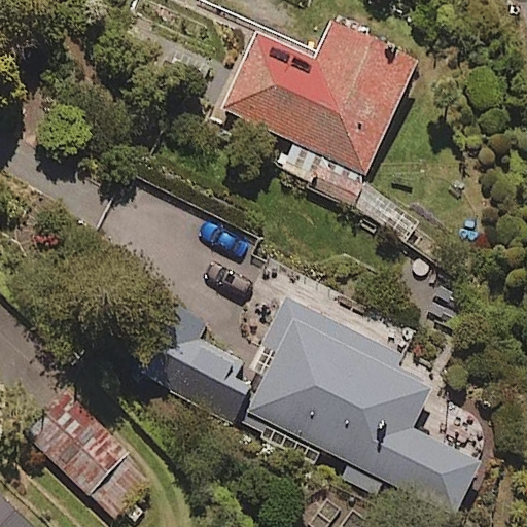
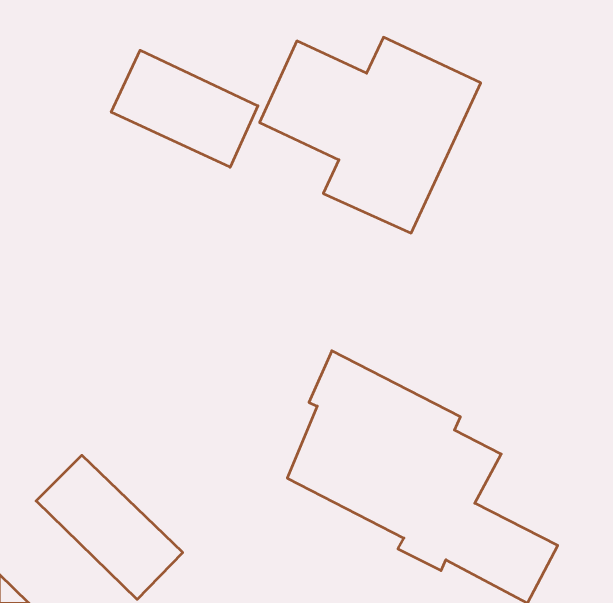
building: none -> [111,50,258,167]
building: [165,330,247,414] -> none

